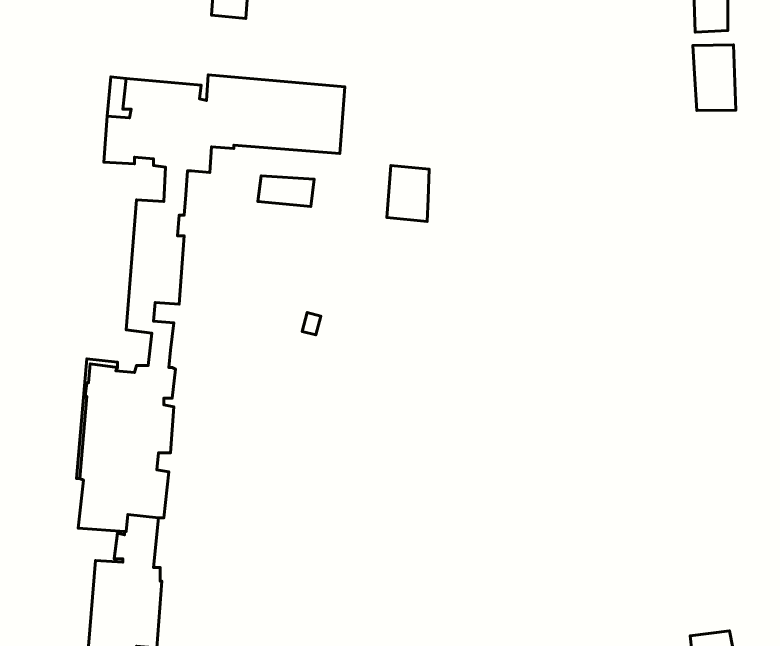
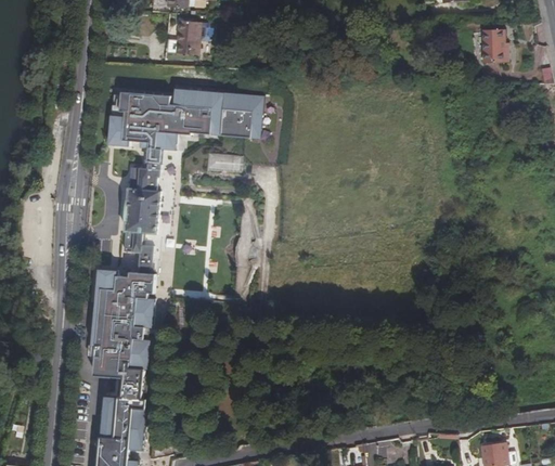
building: [693,45,736,111] -> none
building: [387,166,429,221] -> none

